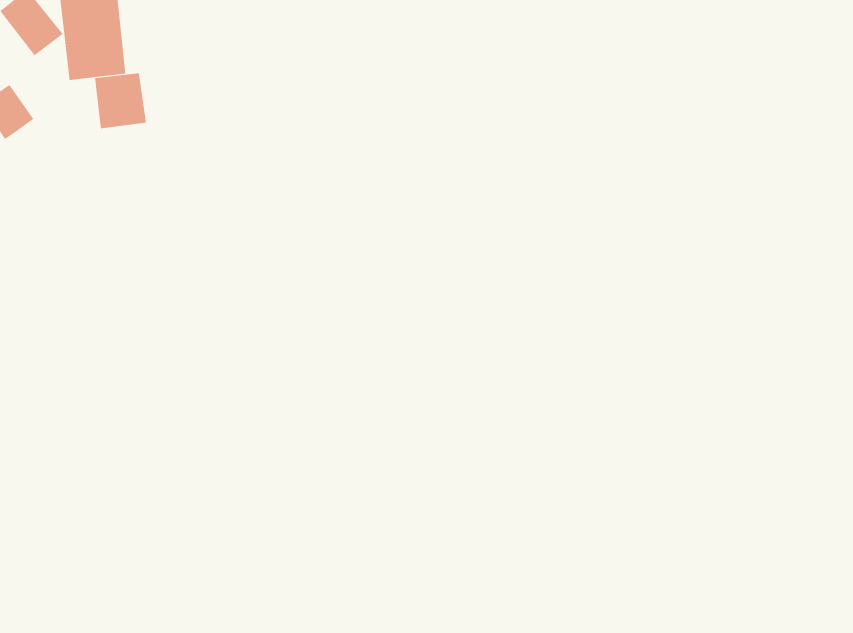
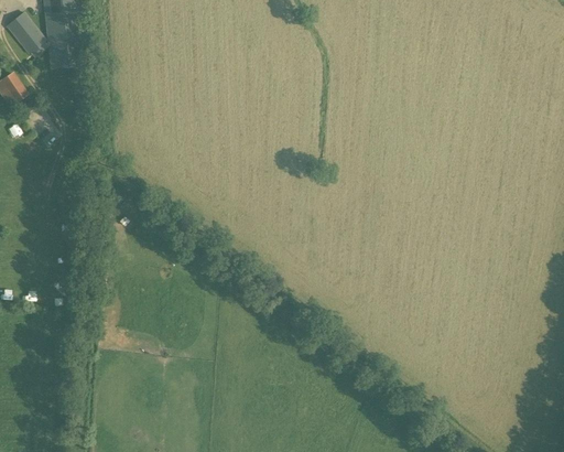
building: [94,73,147,129] -> none

